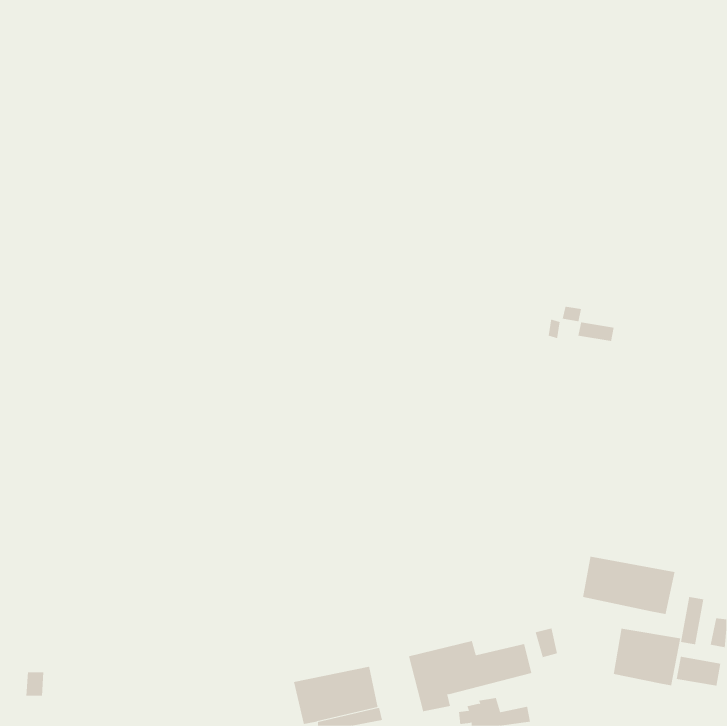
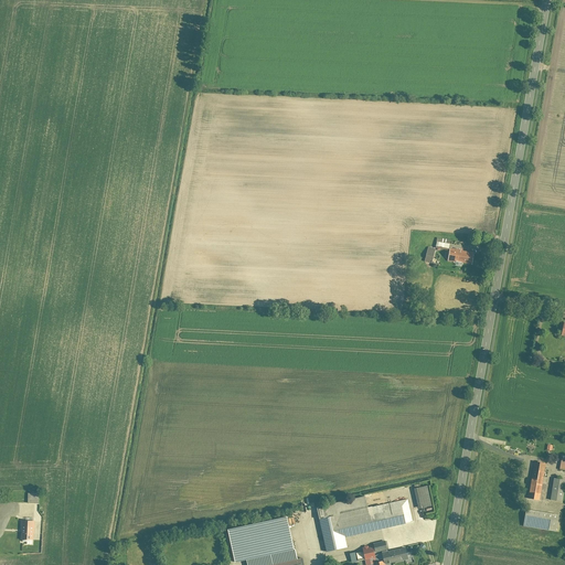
building: [582,556,675,615] -> none
building: [613,628,681,686] -> none

